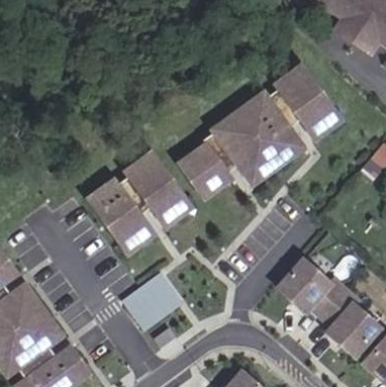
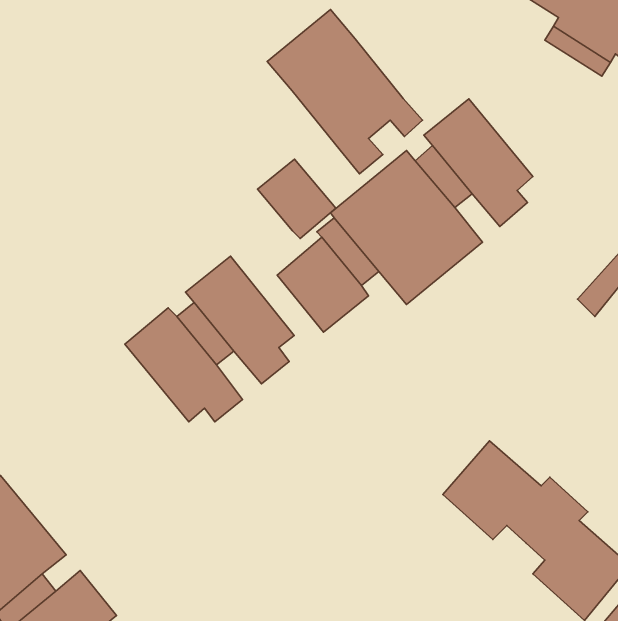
building: none -> [267,10,423,174]
building: none -> [258,159,336,239]
building: [124,279,175,327] -> none

